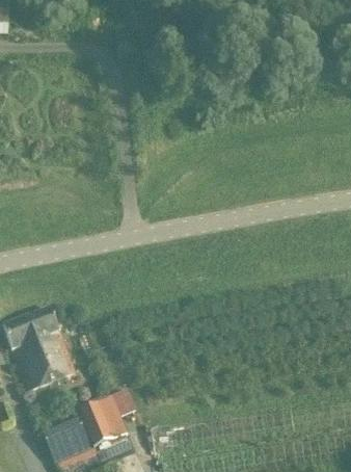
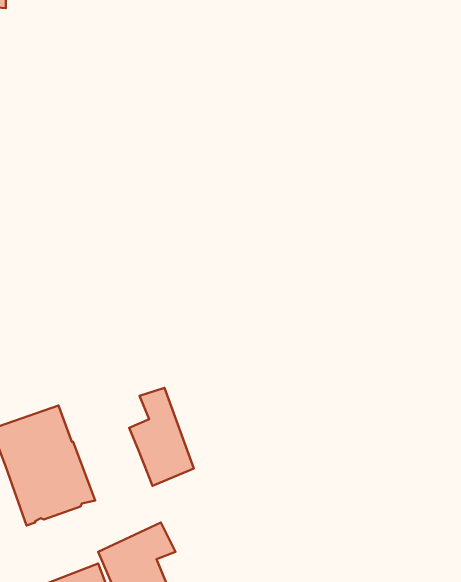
building: none -> [129,388,194,486]

